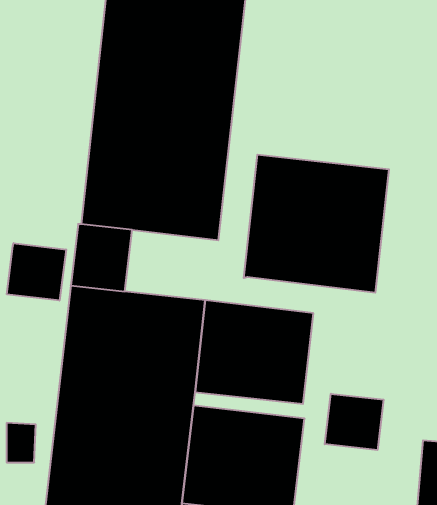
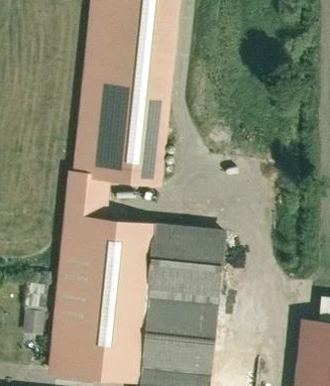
building: [244,155,389,293] -> none
building: [7,243,66,301] -> none
building: [325,394,384,450] -> none

